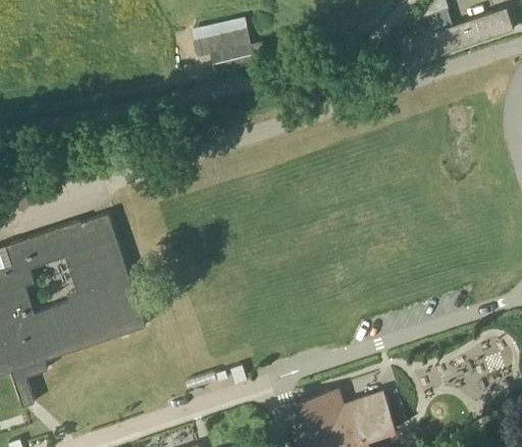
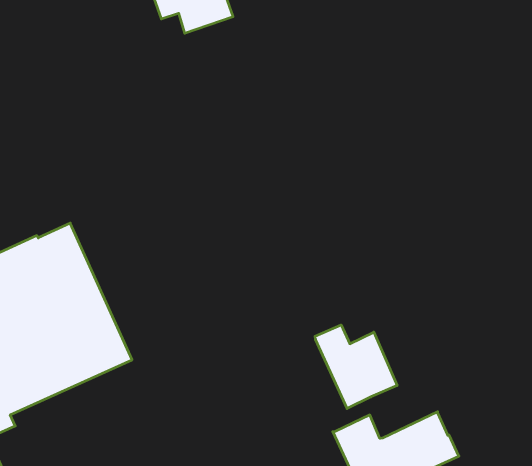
building: none -> [315,325,397,409]

